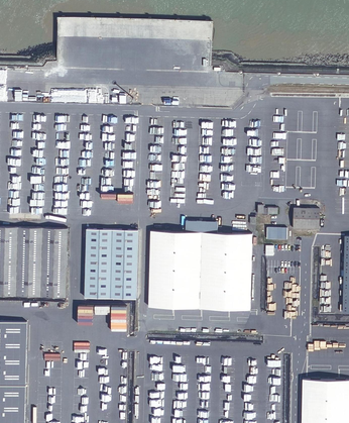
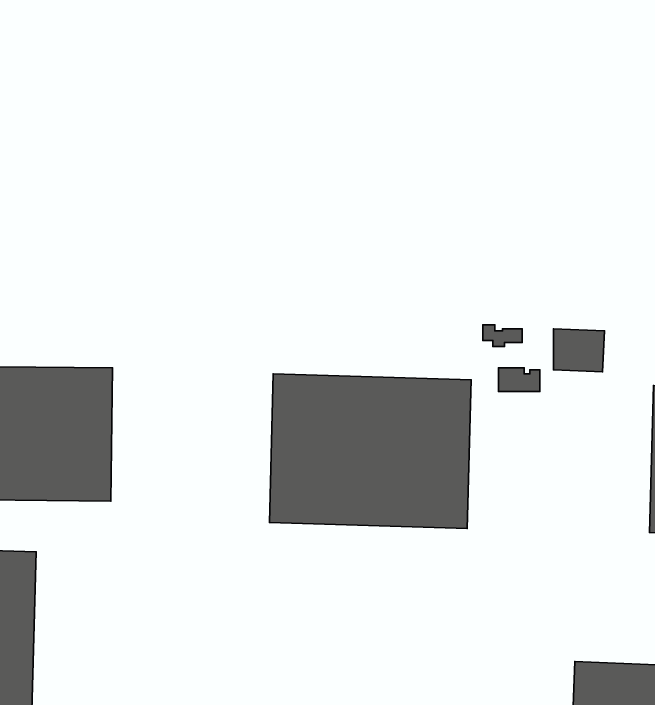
building: [83,229,136,299] -> none

